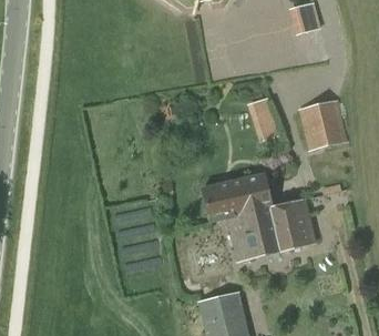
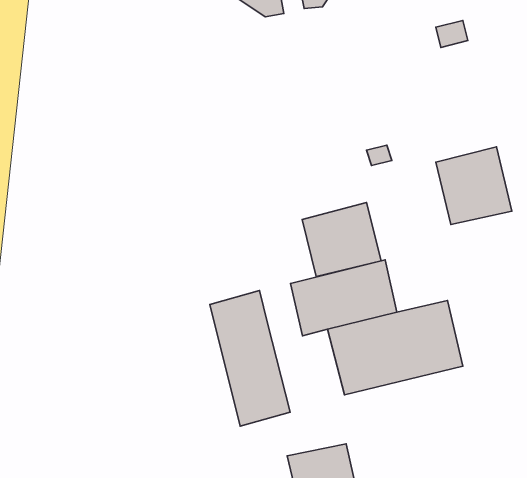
building: none -> [302,202,381,276]
building: none -> [210,290,290,426]

